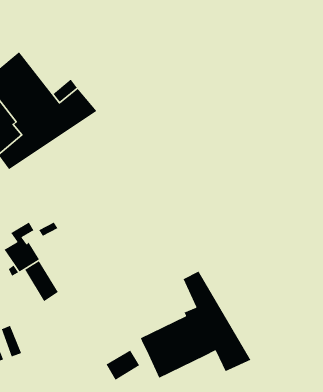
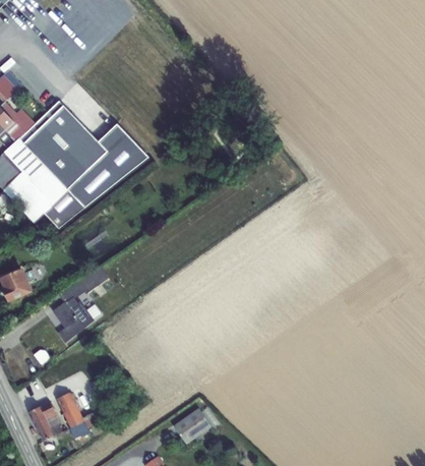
building: [24,260,59,302] -> none
building: [140,270,252,379] -> none

